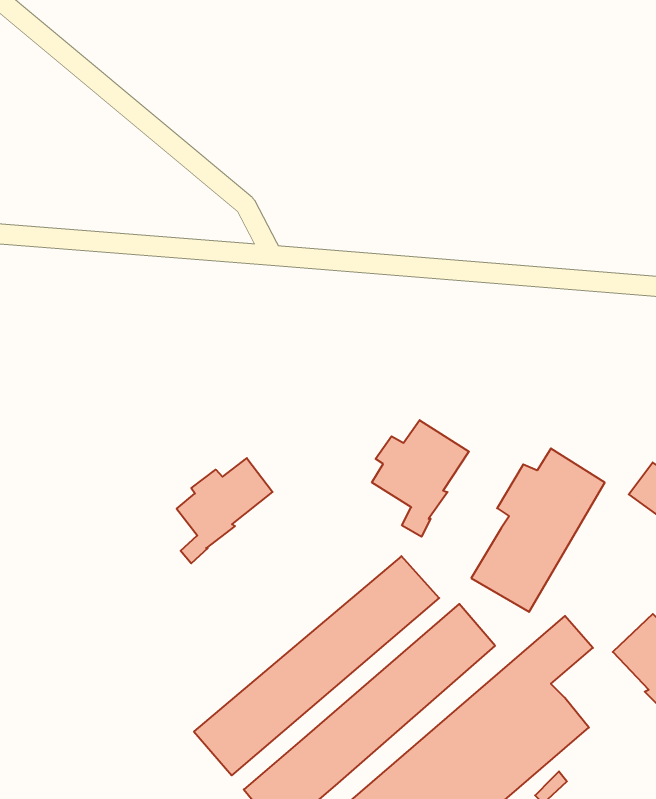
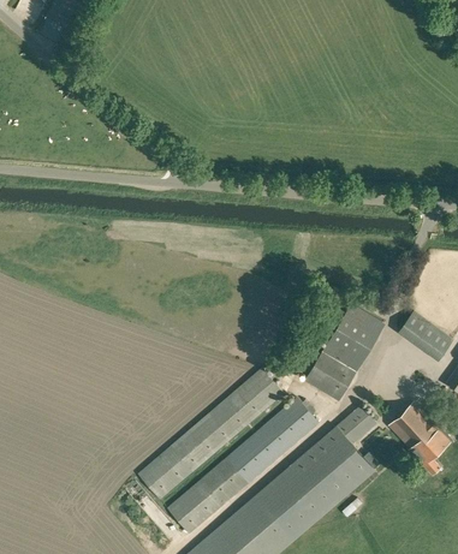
building: [372,420,469,537] -> none
building: [177,458,273,563] -> none

